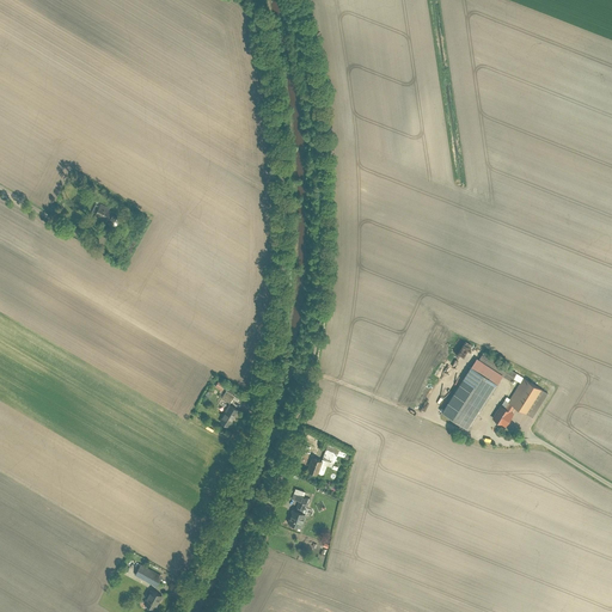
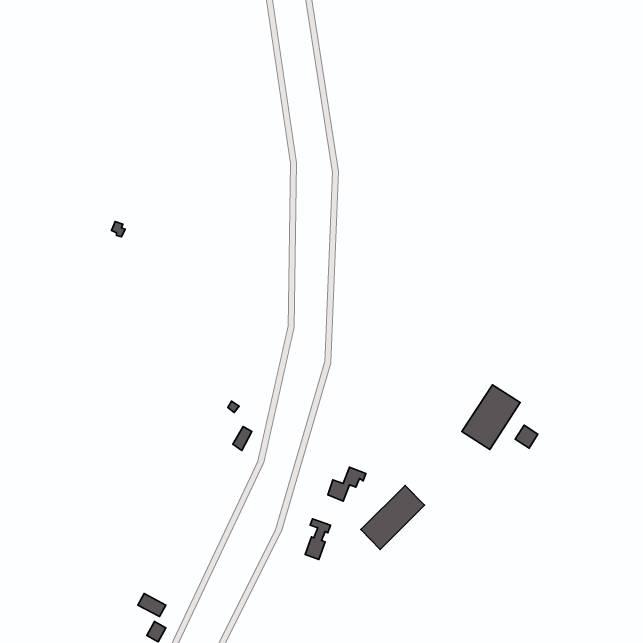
building: [507,379,539,414] -> none
building: none -> [361,485,425,550]

